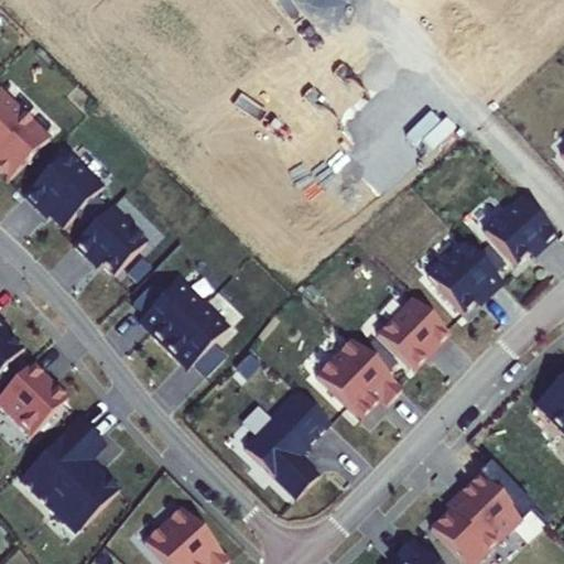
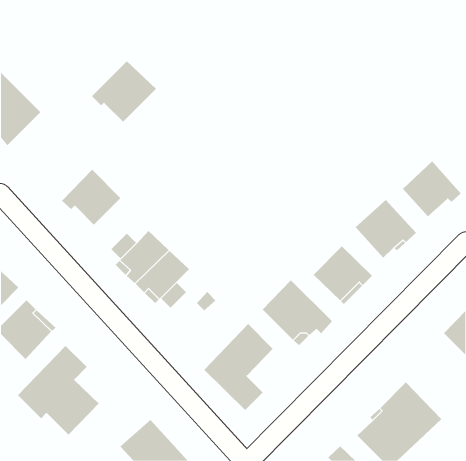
building: [24,150,104,225] -> [91,61,157,123]

